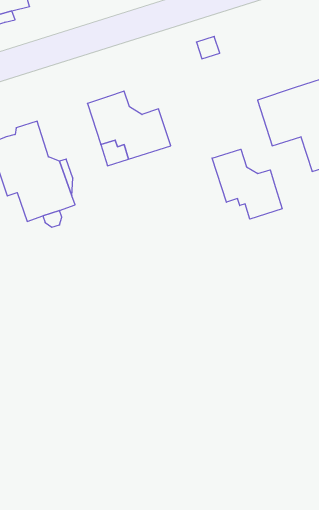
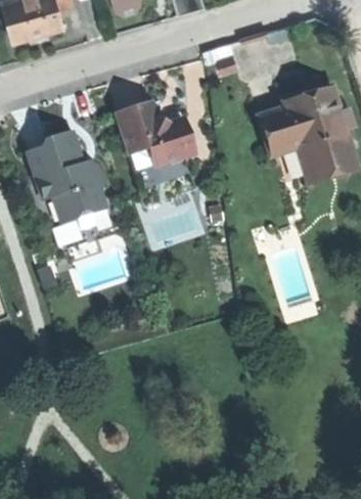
building: [212,149,282,219] -> none

